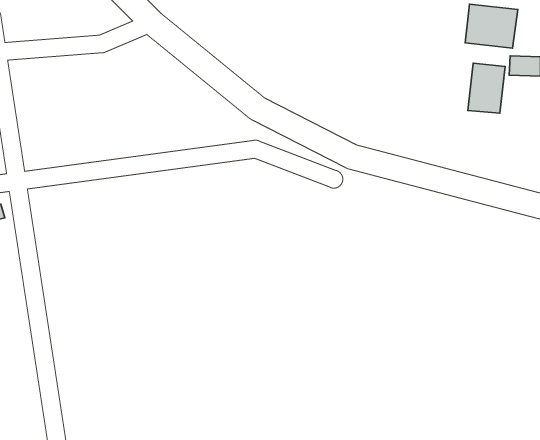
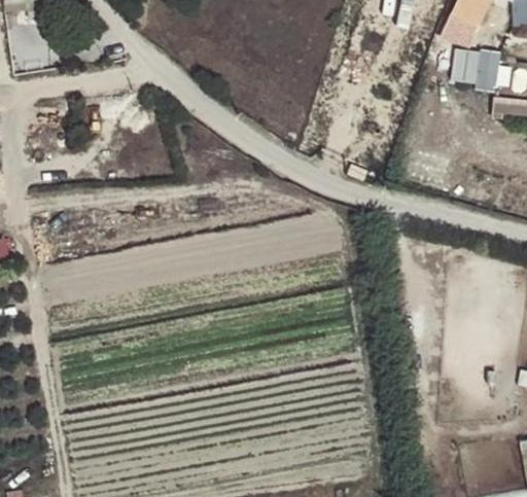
building: [468,63,505,113] -> none

